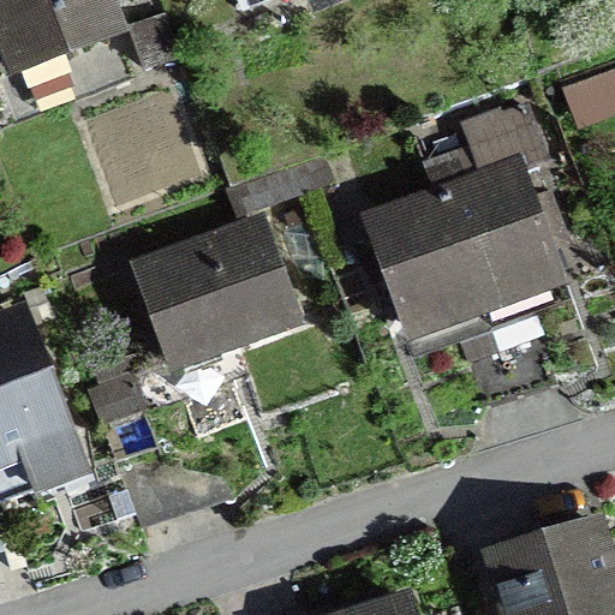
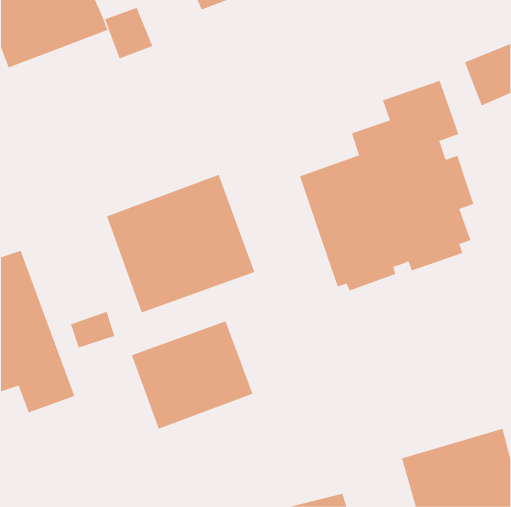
building: none -> [131,321,253,430]

